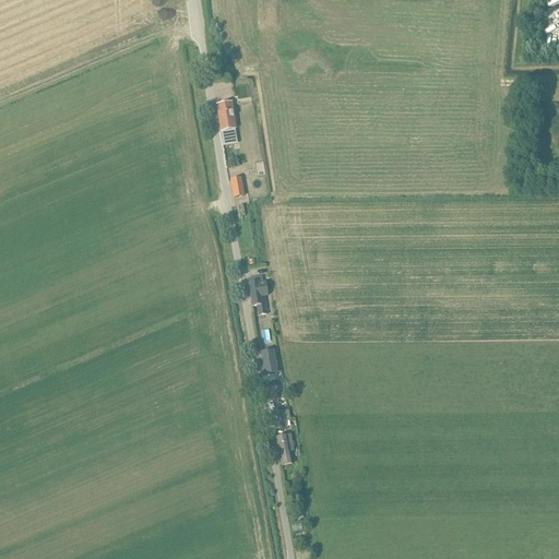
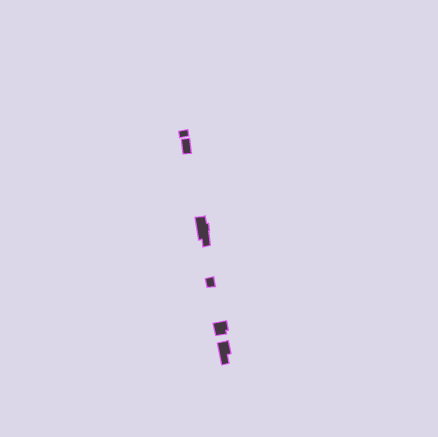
building: [217,100,237,130] -> none

